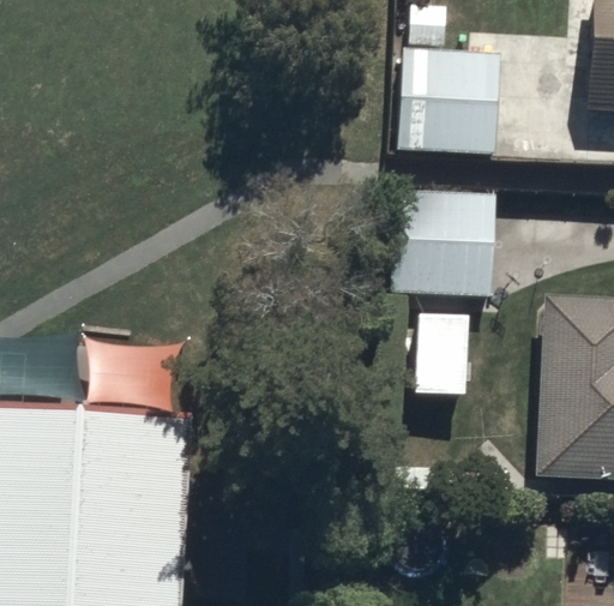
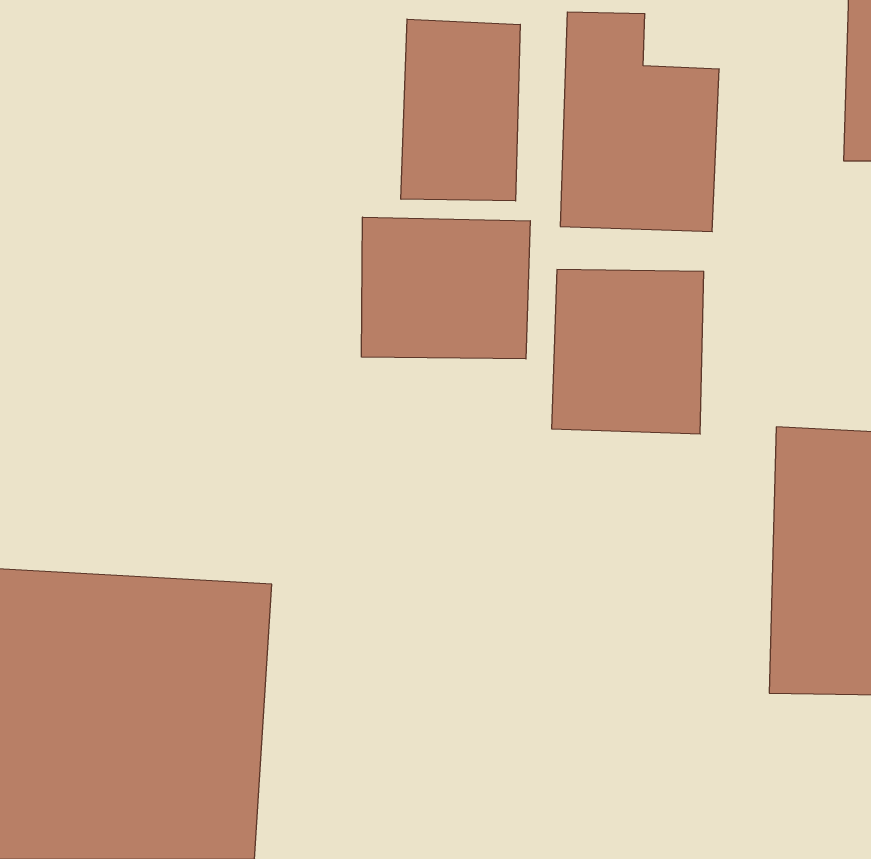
building: none -> [401,19,520,201]
building: none -> [362,217,530,359]

